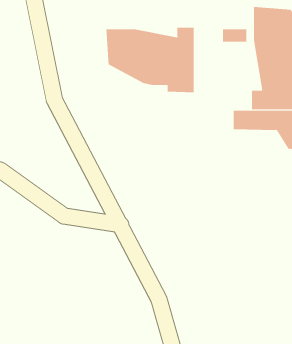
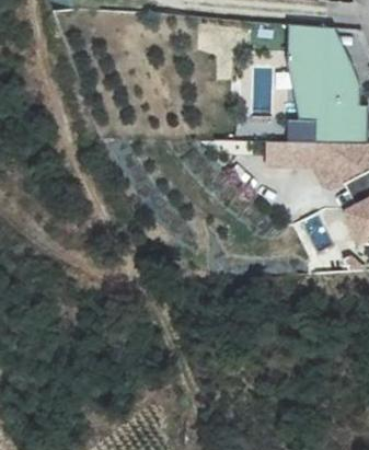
building: [106,27,194,93] -> none

